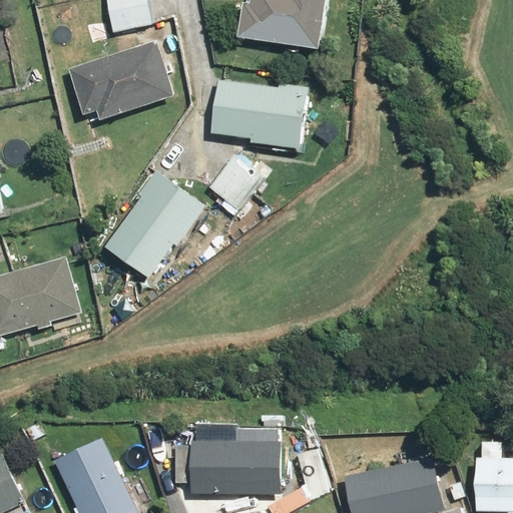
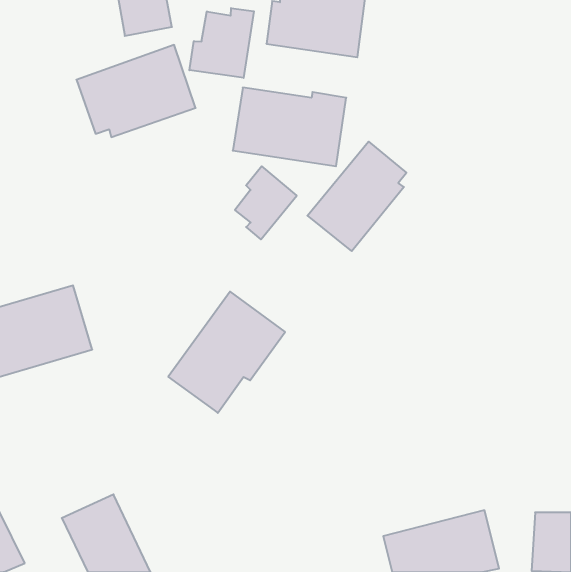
building: none -> [189,8,254,78]
building: none -> [307,142,406,251]
building: [104,170,208,279] -> [168,292,285,413]
building: [174,438,280,496] -> none

